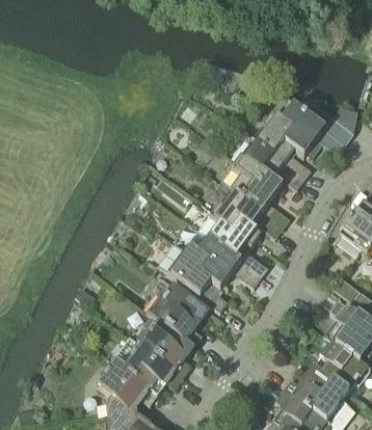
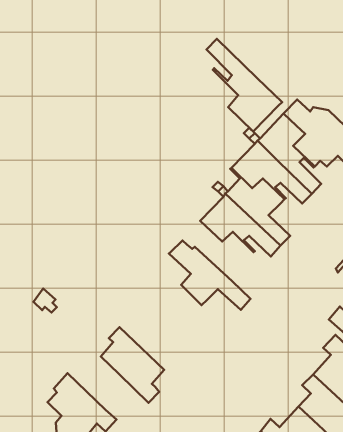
building: none -> [207,39,282,131]
building: [197,214,269,276] -> none
building: [158,242,228,312] -> none
building: [148,284,209,346] -> none
building: [111,334,184,394] -> none

